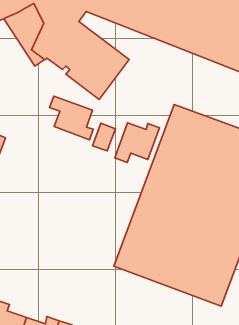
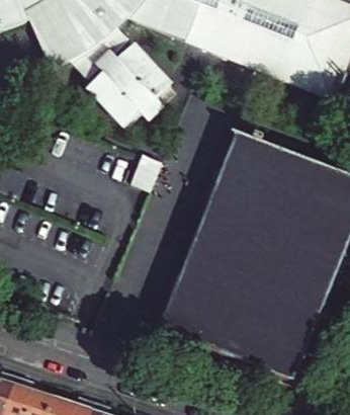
building: [50,96,93,140] -> none
building: [115,123,160,162] -> none

